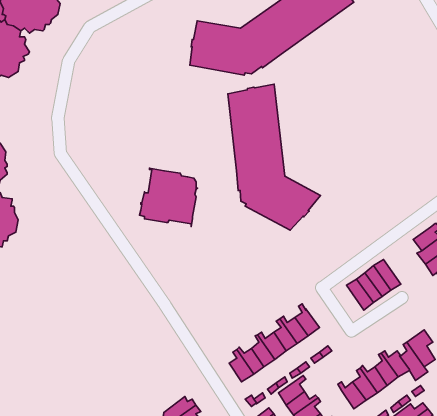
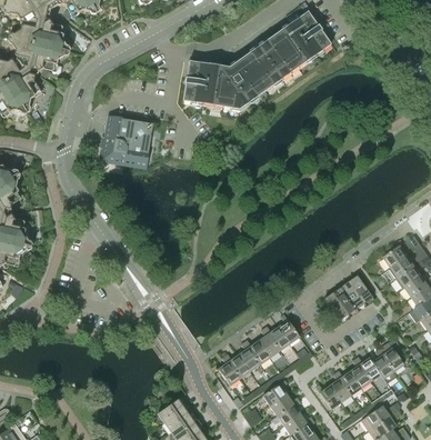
building: [228,84,320,230] -> none
building: [139,168,197,226] -> [98,116,150,168]

